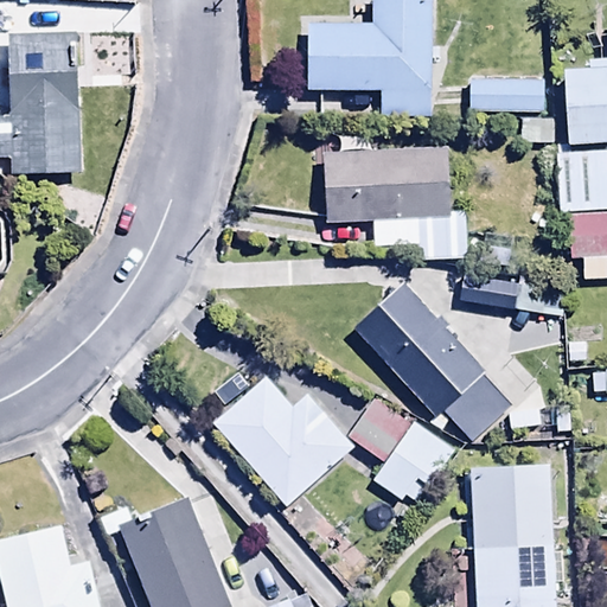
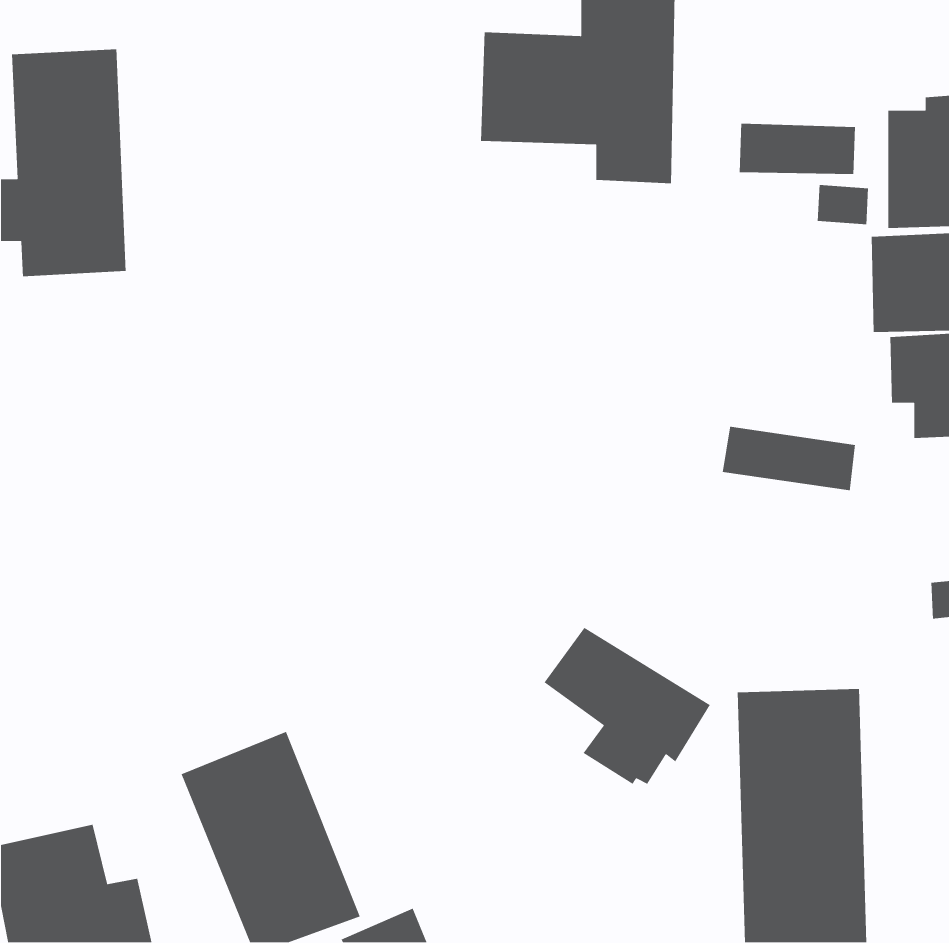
building: [322,148,468,267] -> none
building: [353,283,512,439] -> none
building: [213,376,352,506] -> none

